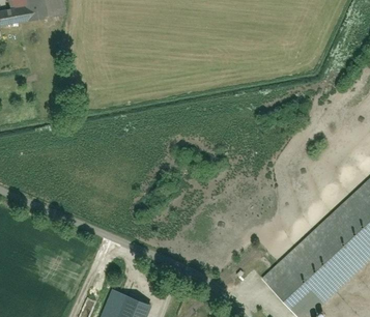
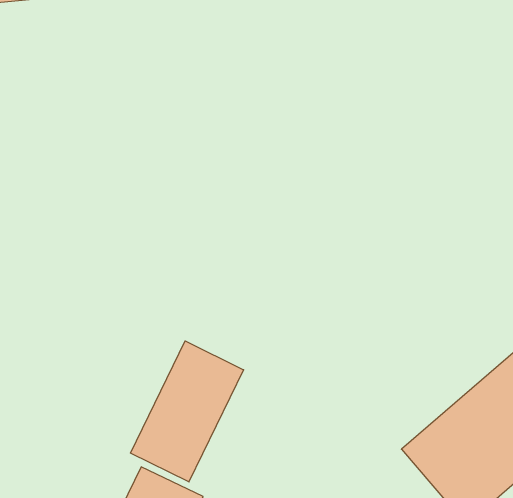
building: none -> [130,341,244,482]

